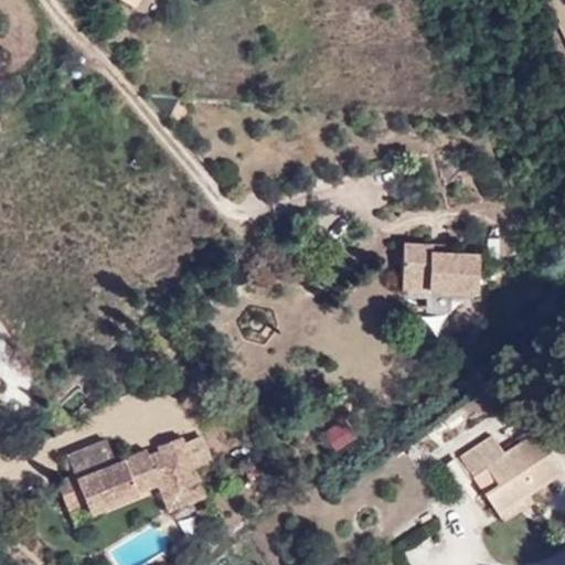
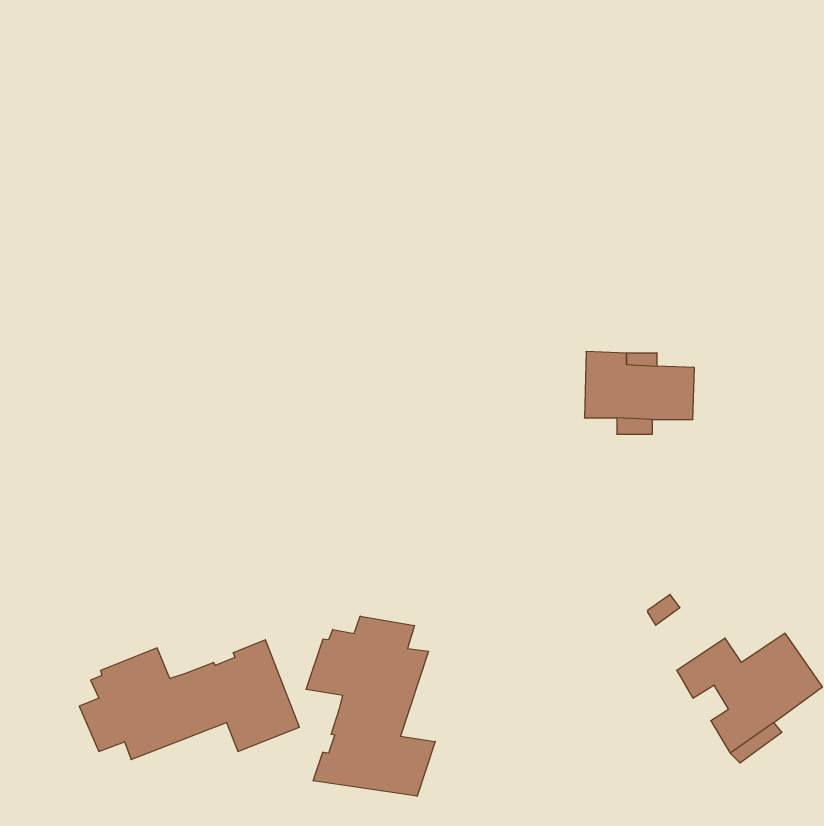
building: none -> [306,616,435,796]

